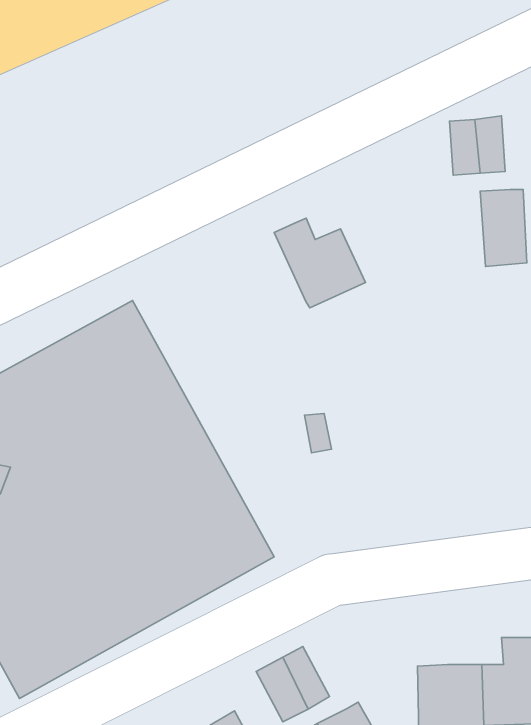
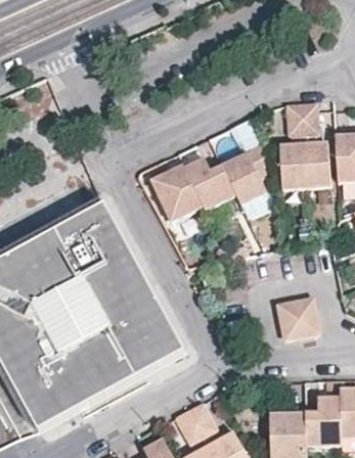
building: none -> [222,142,272,203]
building: none -> [278,142,305,186]
building: none -> [150,164,203,222]
building: none -> [276,293,318,331]

